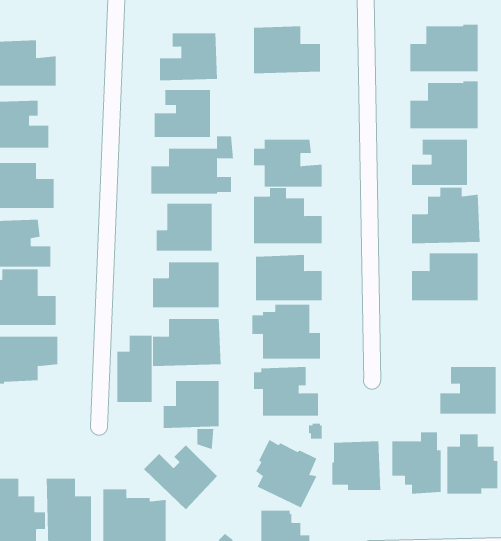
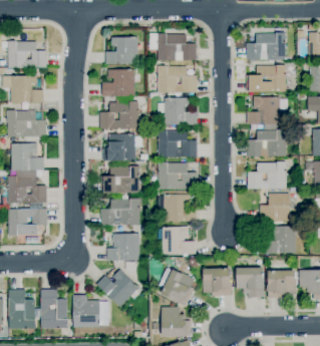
building: none -> [157,66,197,92]
building: none -> [261,194,290,221]
building: [117,335,152,403] -> none

